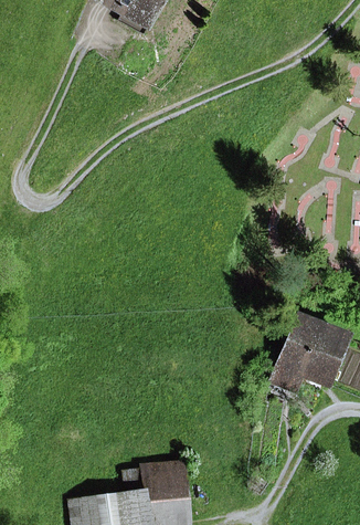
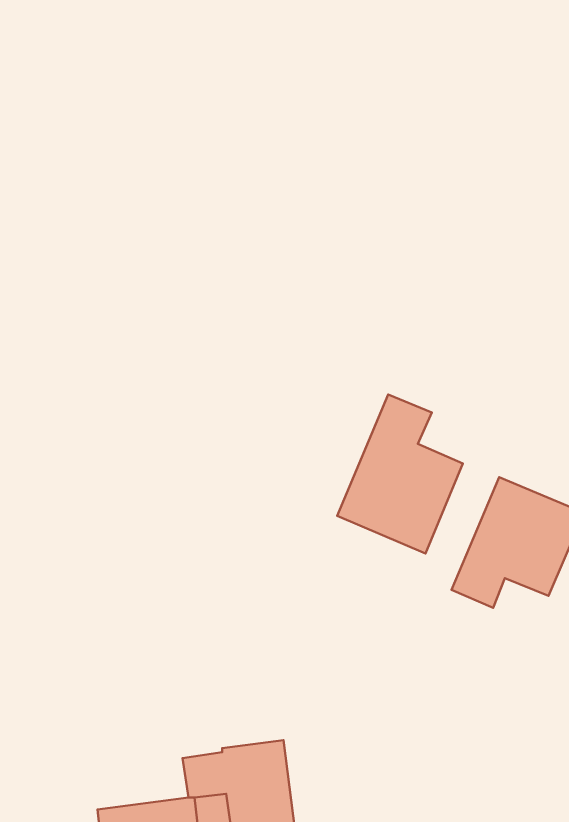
building: none -> [337,394,463,553]

